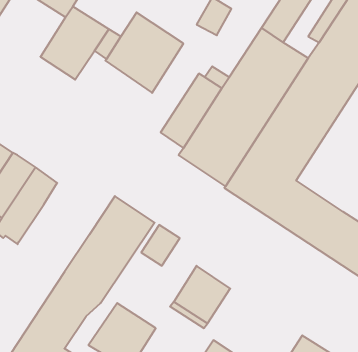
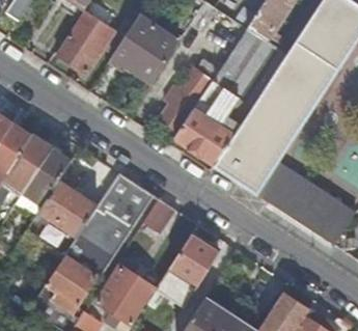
building: none -> [37,181,99,239]

